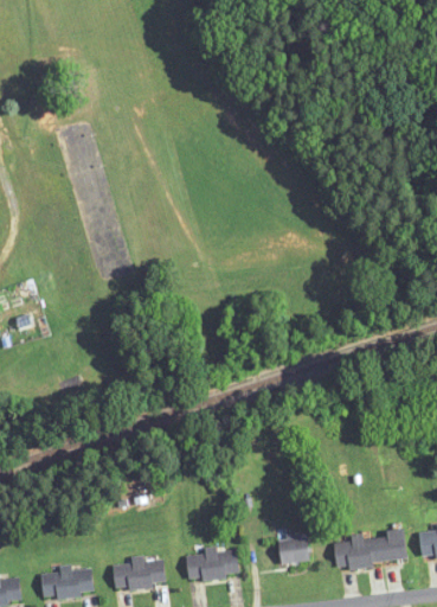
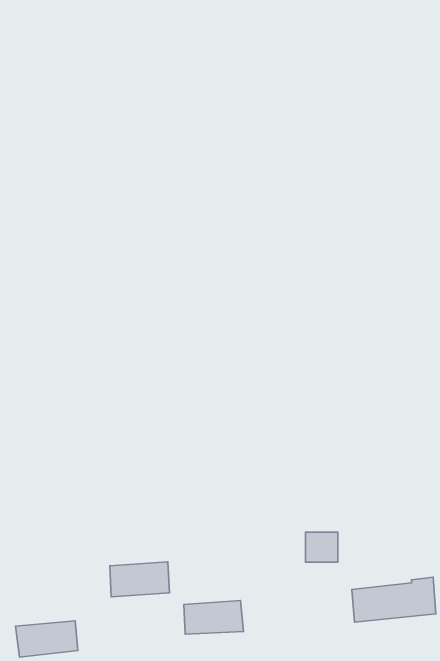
building: [279,537,308,563] -> [305,532,338,562]
building: [114,558,166,589] -> [110,562,169,597]

